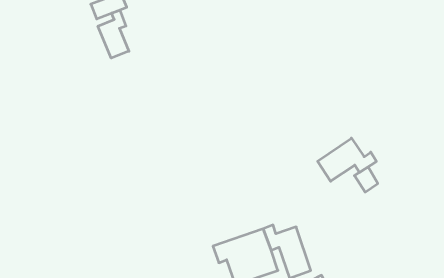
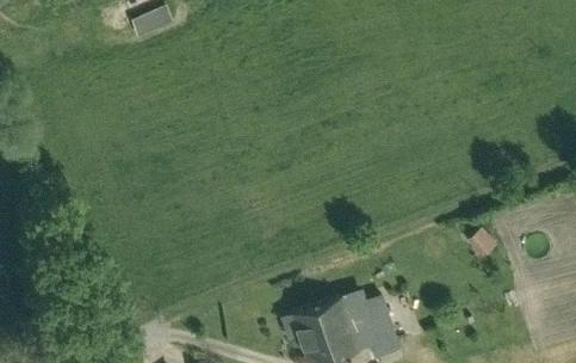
building: [98,10,129,58] -> none
building: [318,138,376,181] -> none

